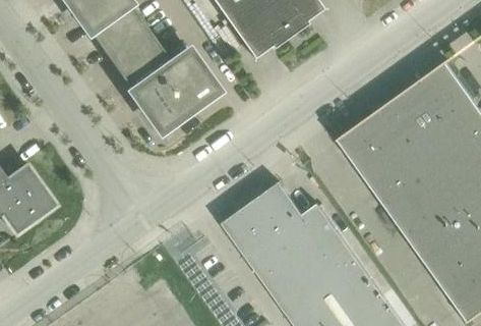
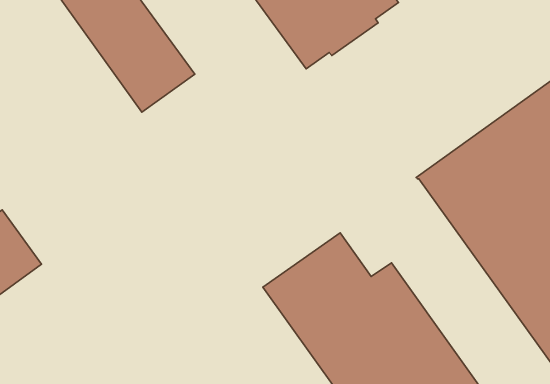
building: [131,50,216,130] -> none

